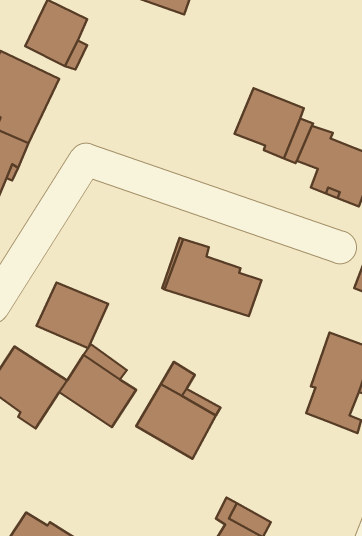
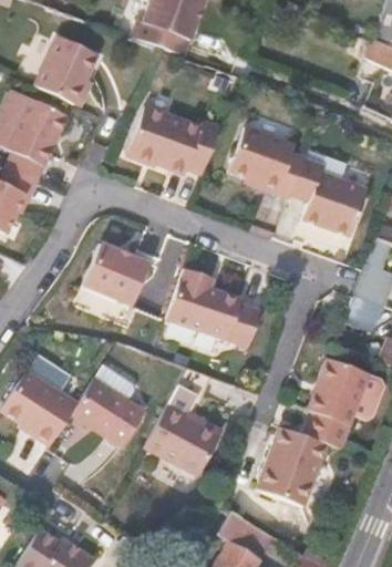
building: none -> [128,107,219,174]
building: [37,283,108,348] -> [80,244,147,306]
building: none -> [256,425,323,504]

